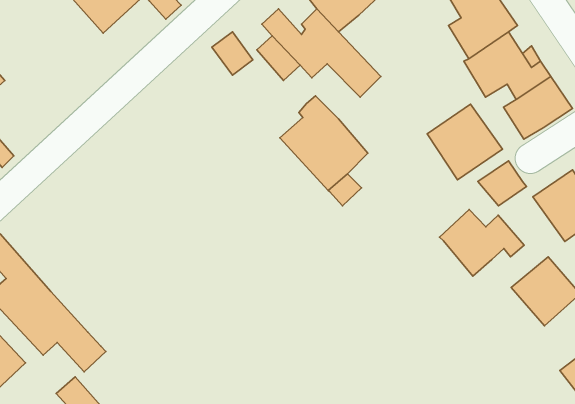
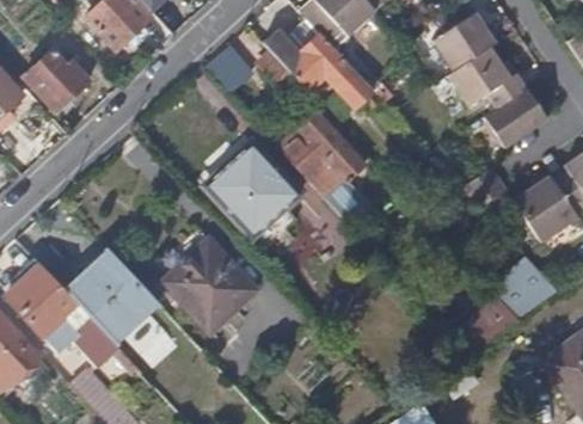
building: none -> [23,50,87,110]
building: [427,104,502,180] -> none
building: none -> [205,141,300,248]
building: [439,210,524,276] -> none
building: none -> [162,245,253,330]
building: none -> [65,247,166,352]

